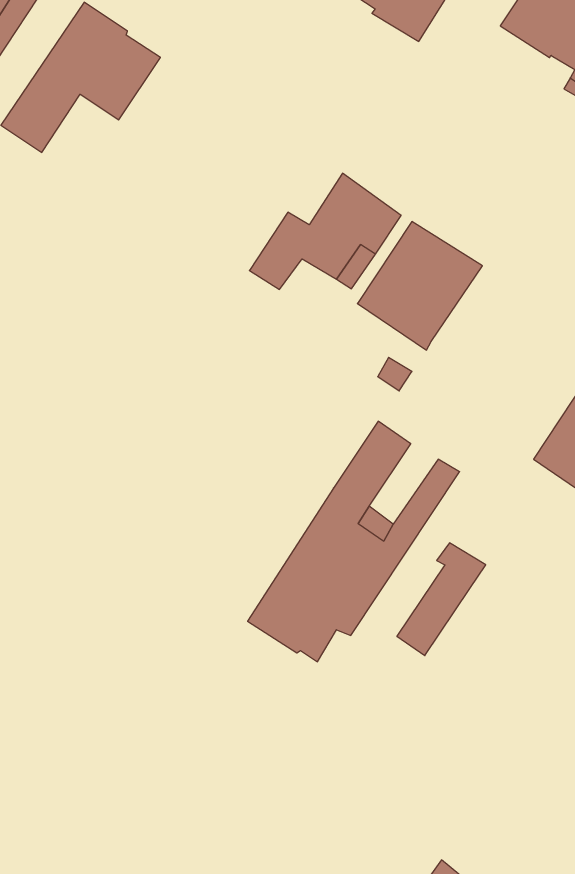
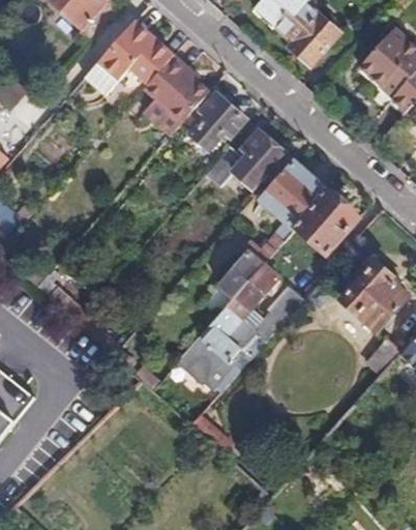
building: none -> [139,55,210,142]
building: none -> [189,92,245,148]
building: none -> [296,190,358,253]
building: [397,543,486,656] -> [219,239,272,297]

